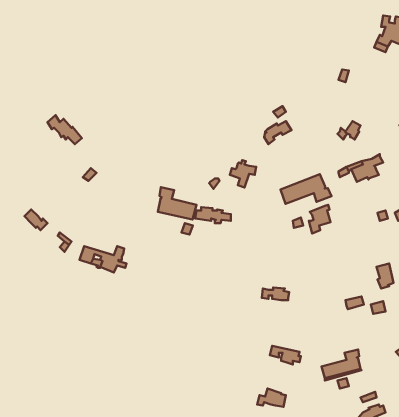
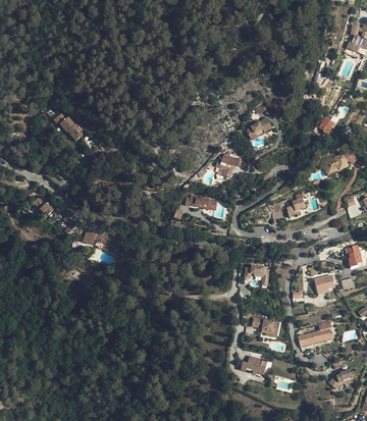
building: [281,174,332,204] -> none
building: [158,187,196,219] -> none

